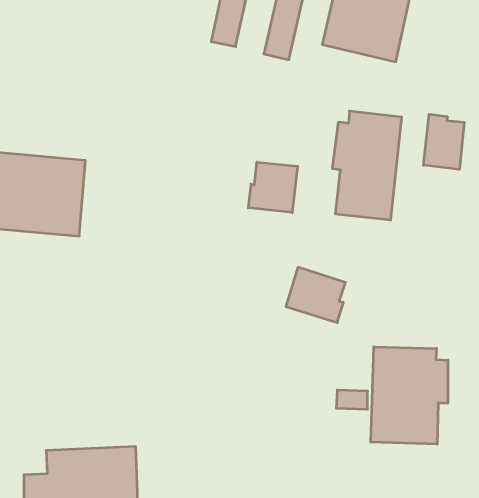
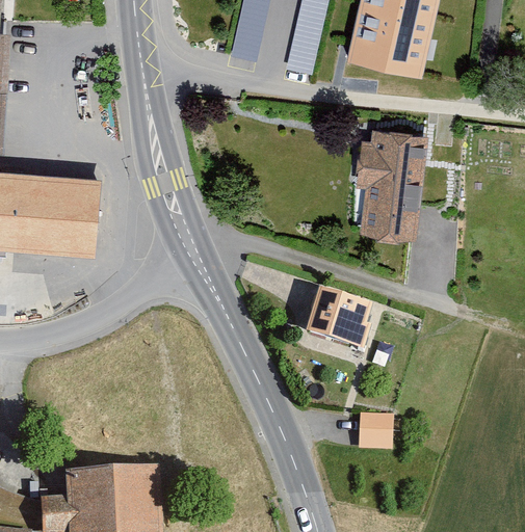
building: [424,114,464,169] -> none
building: [248,162,298,213] -> none
building: [371,347,448,444] -> none

